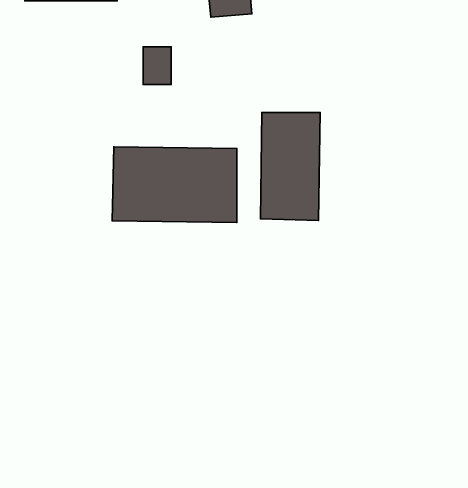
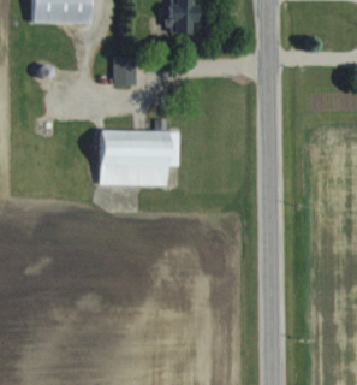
building: [260,112,320,220] -> none

